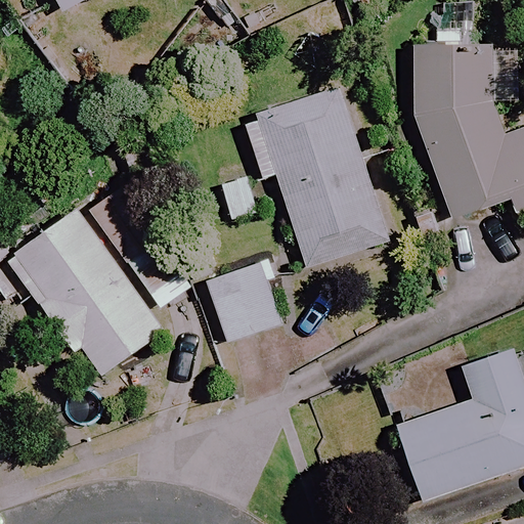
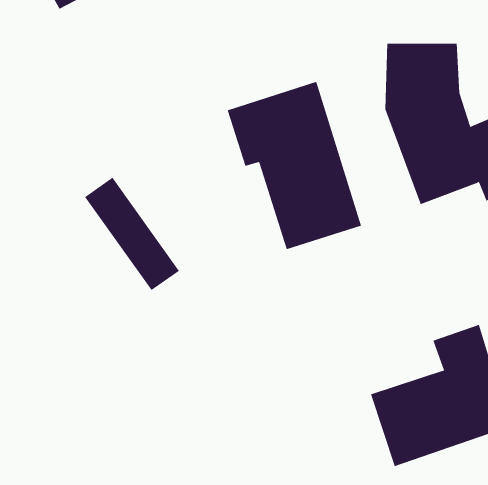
building: [7,207,166,380] -> none
building: [208,259,289,342] -> none

